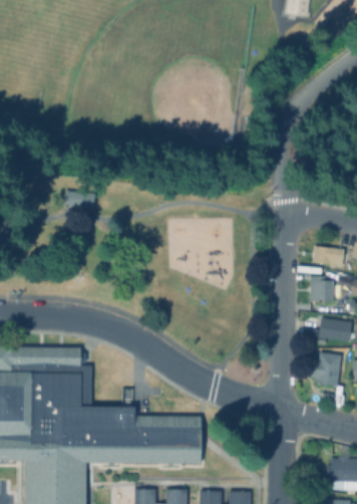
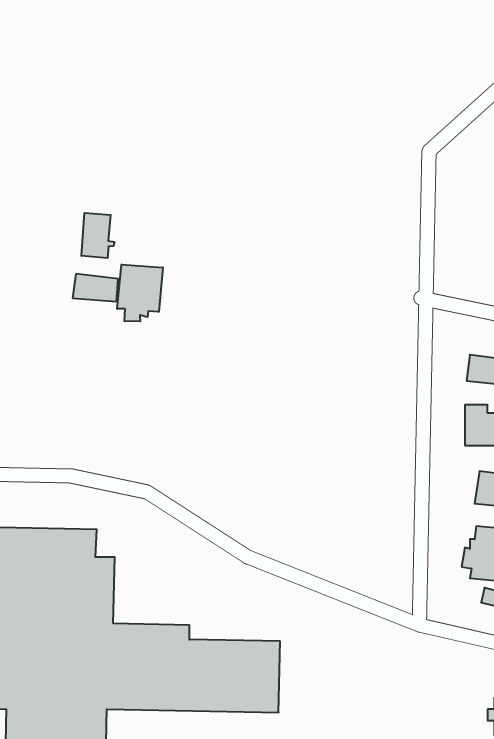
building: none -> [81,213,114,258]
building: none -> [117,264,163,321]

